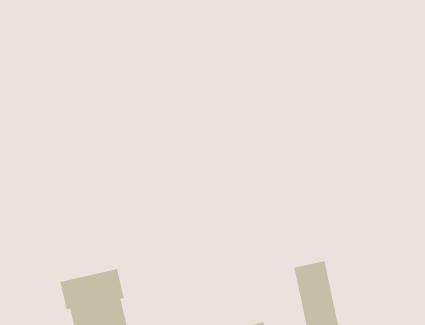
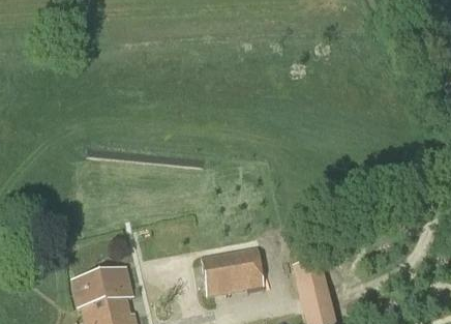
building: none -> [202,245,264,294]

